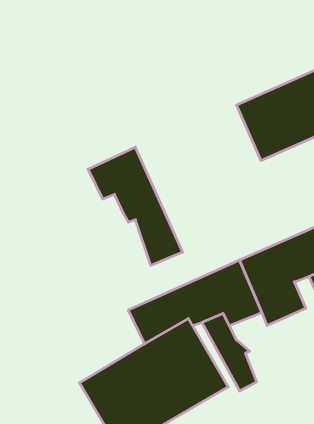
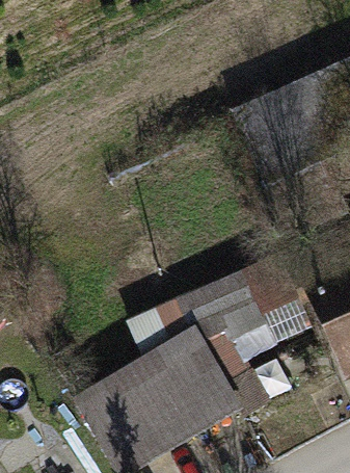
building: [88,147,183,265] -> none

